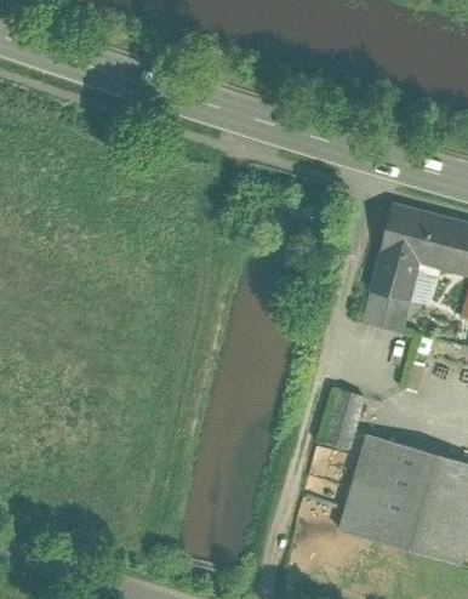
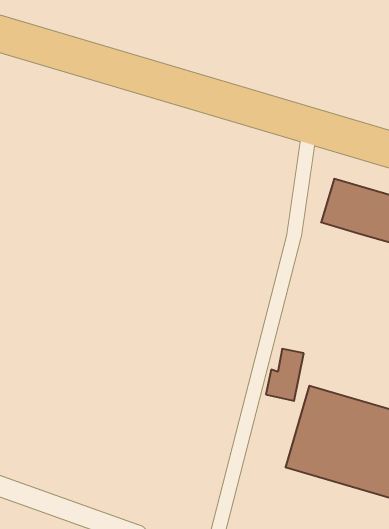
building: [359,252,424,335] -> none

